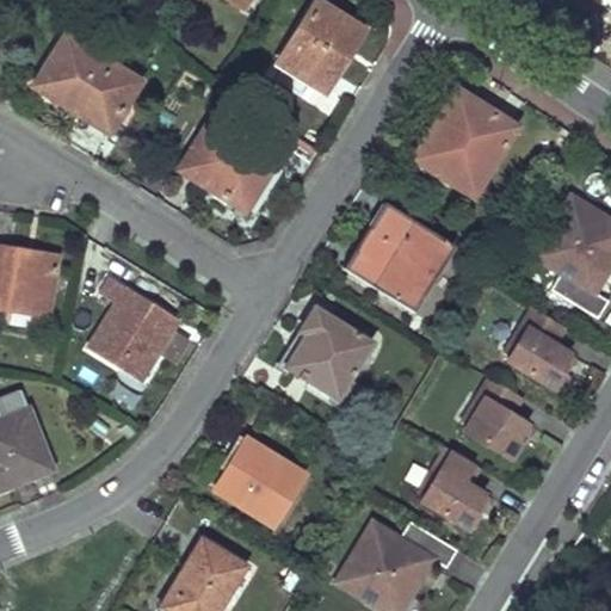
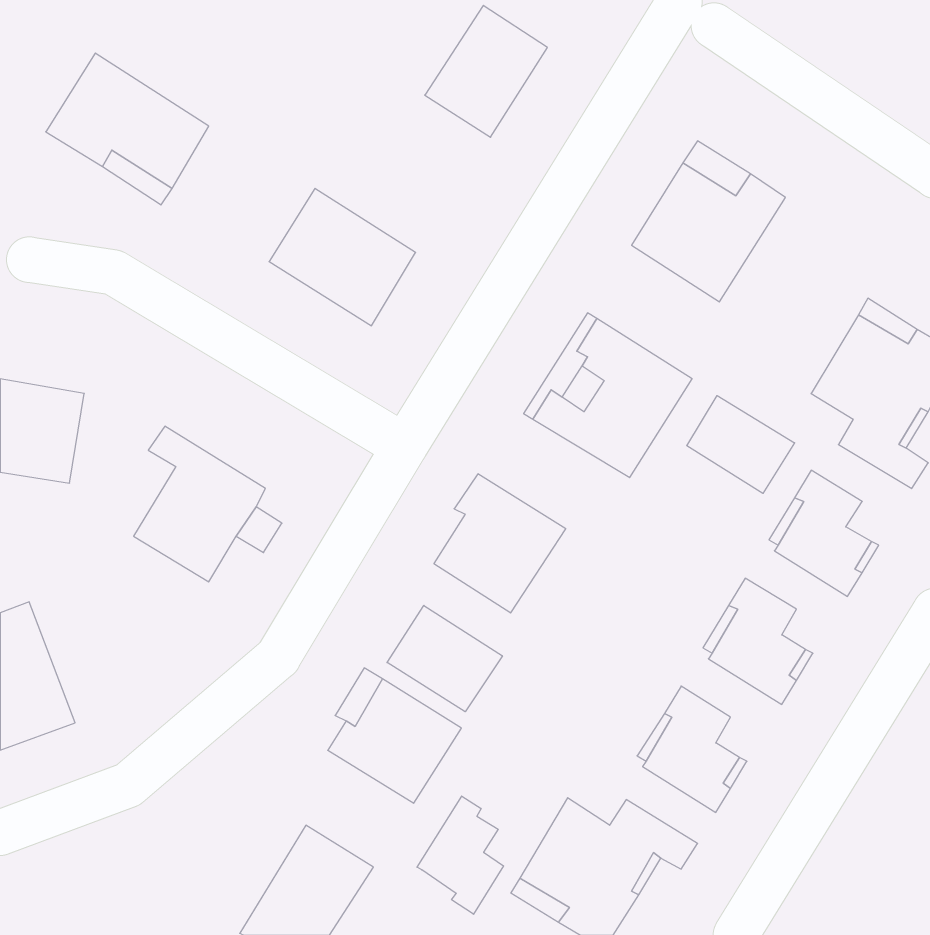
building: none -> [687,396,795,493]
building: none -> [387,605,502,712]
building: none -> [417,796,504,914]

